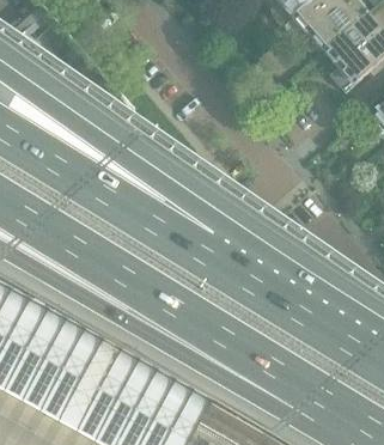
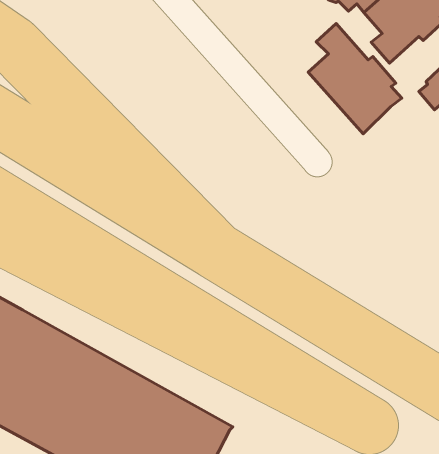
building: none -> [308,23,402,134]

